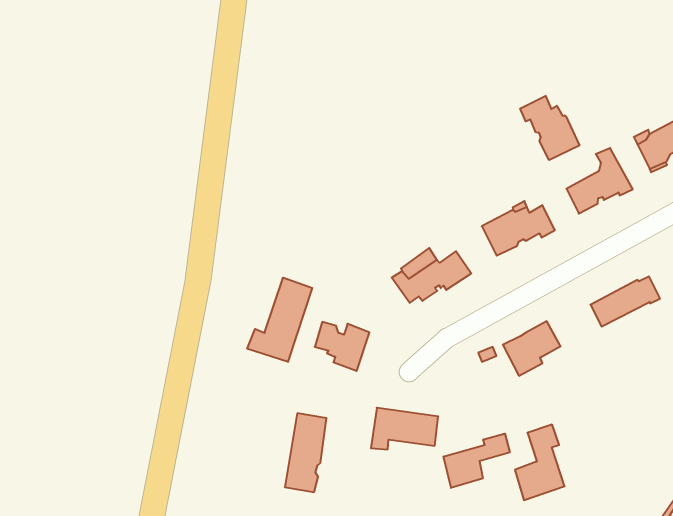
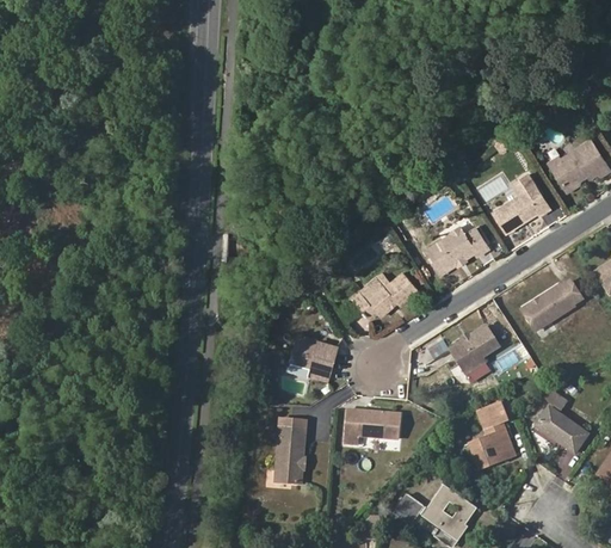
building: [520,96,579,160] -> none
building: [247,278,312,362] -> none
building: none -> [535,394,586,460]
building: [444,434,510,488] -> none

